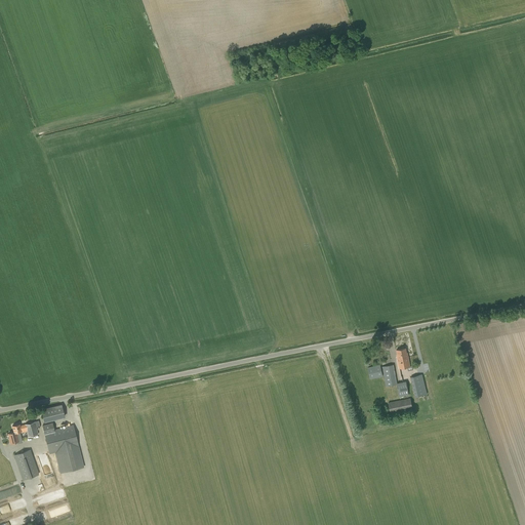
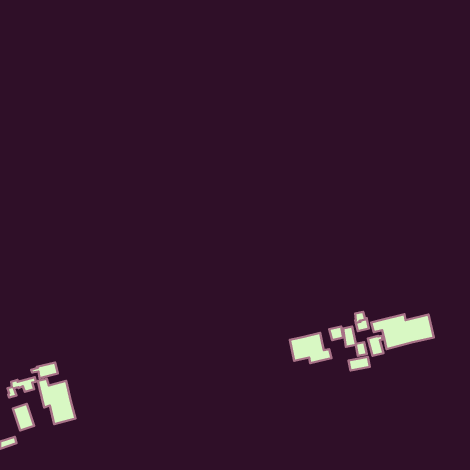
building: none -> [371,314,434,349]
building: none -> [290,333,332,363]

